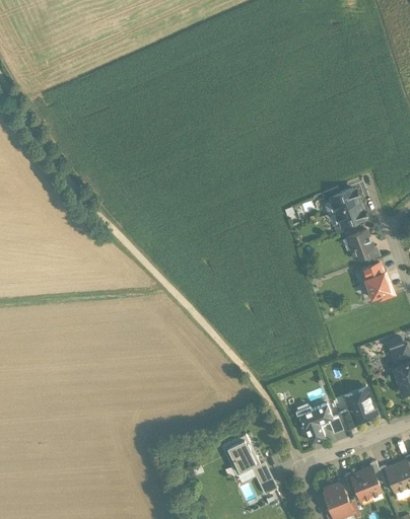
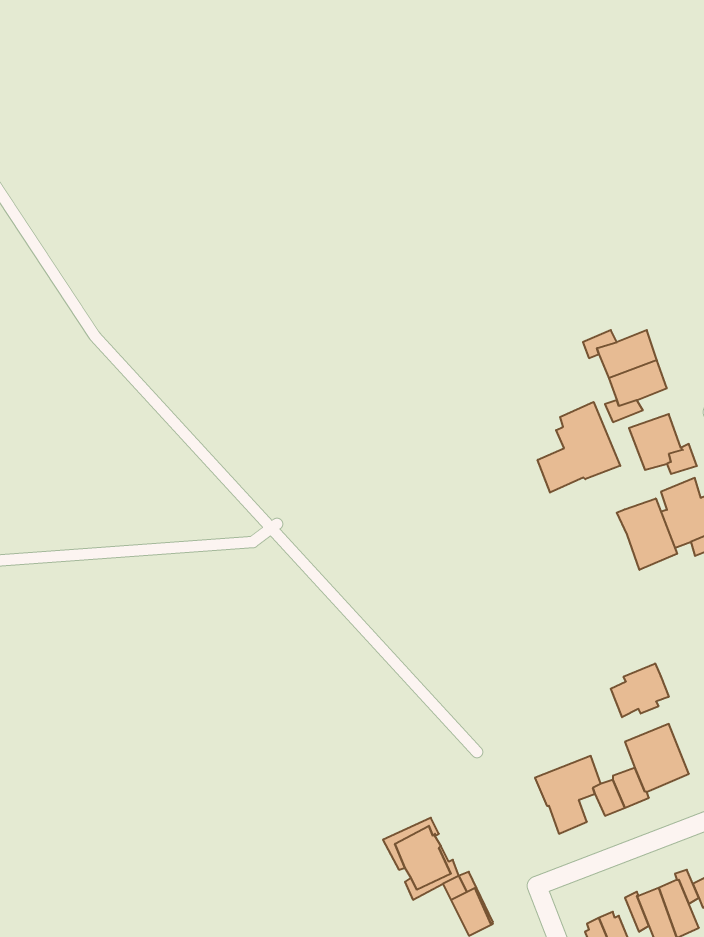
building: none -> [538,402,620,493]
building: none -> [617,498,677,570]
building: none -> [611,663,669,717]

